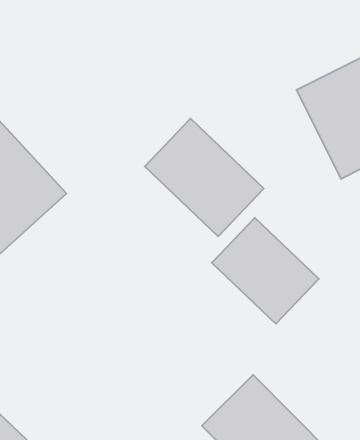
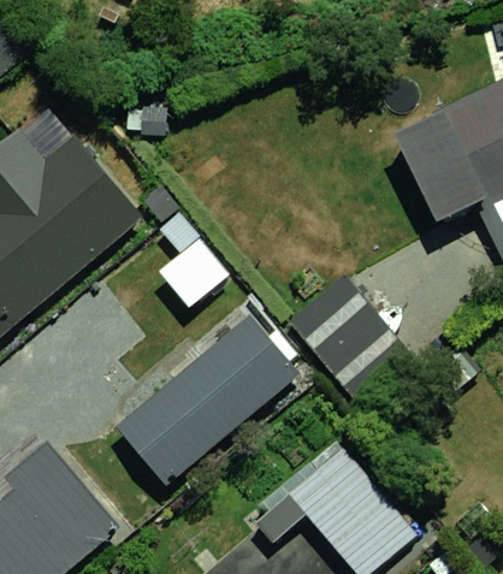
building: [145,118,264,236] -> none
building: none -> [112,309,304,486]

